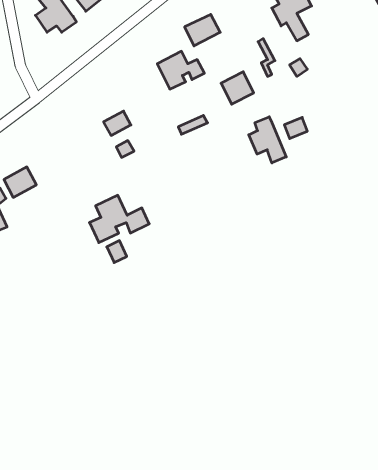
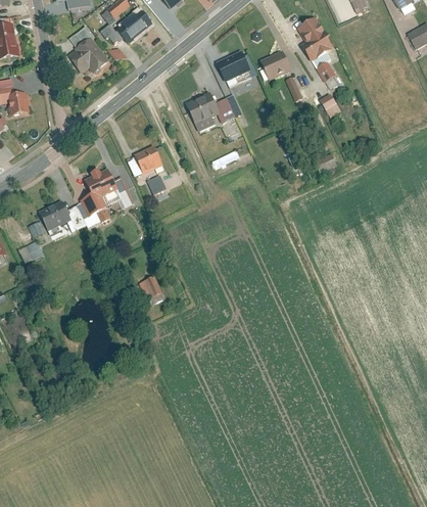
building: [221,72,254,104] -> [263,48,294,80]
building: [249,117,286,163] -> none
building: [89,195,149,243] -> [81,168,139,214]

